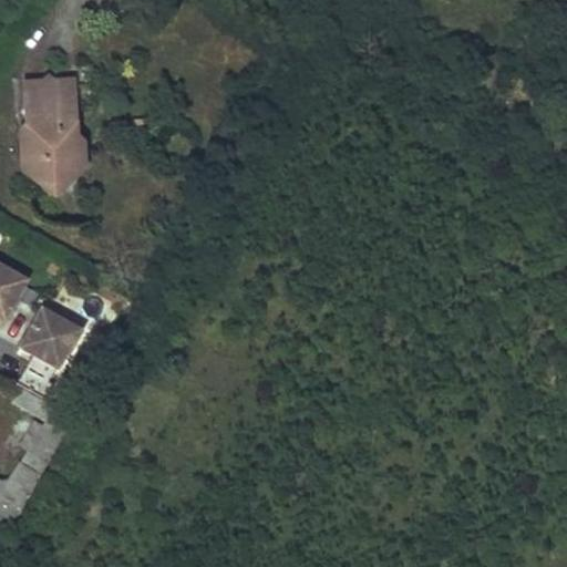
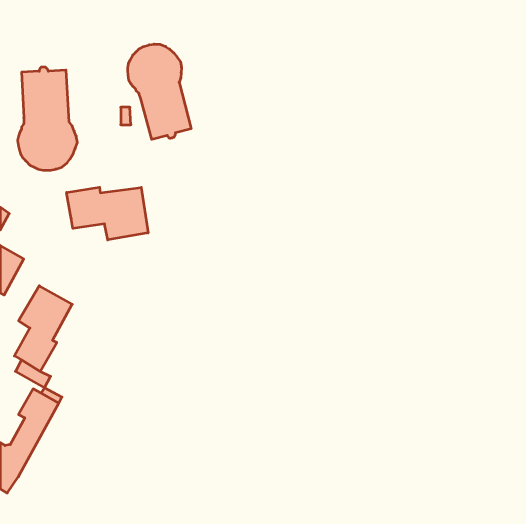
building: none -> [128,44,191,139]
building: none -> [67,187,148,240]

